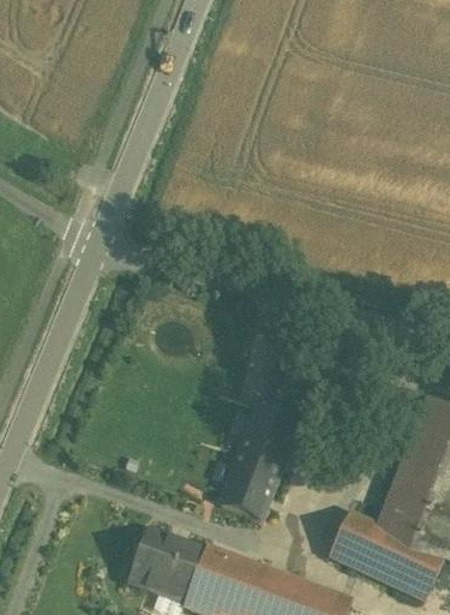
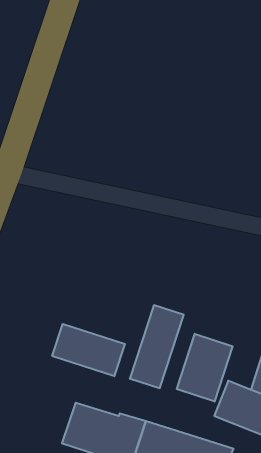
building: none -> [52,324,125,376]
building: none -> [177,334,233,402]

